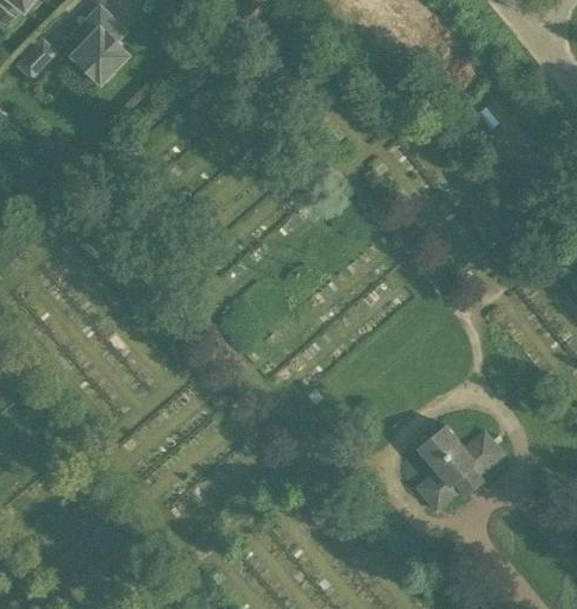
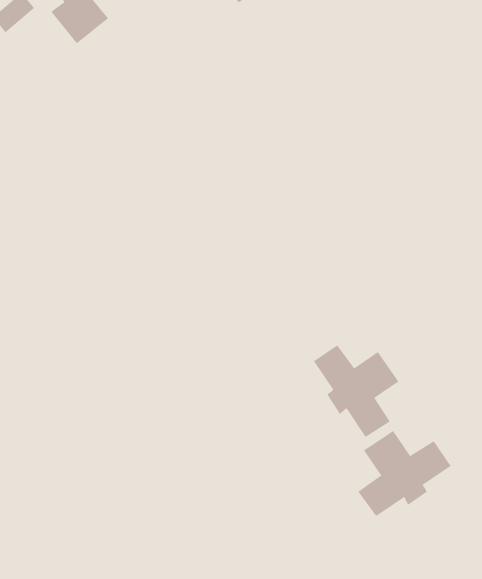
building: none -> [313,345,399,438]

